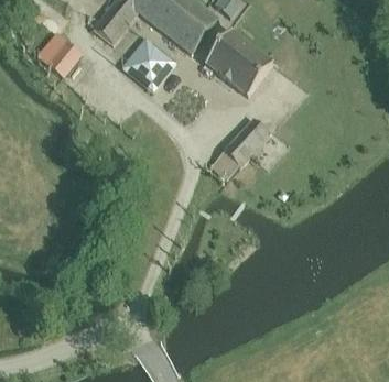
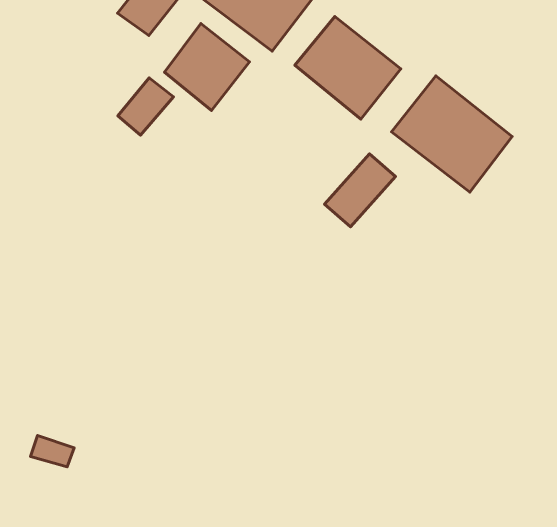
building: [47,39,83,75] -> [118,78,174,135]
building: none -> [392,76,512,192]

